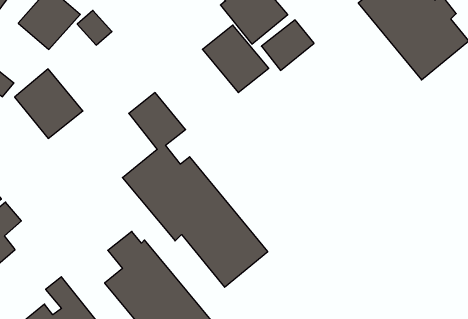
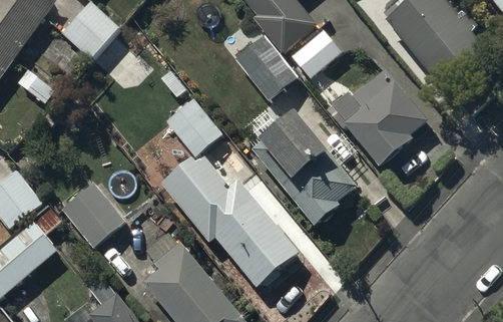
building: none -> [327,71,427,166]
building: [15,69,83,138] -> [60,182,125,248]
building: none -> [238,106,357,226]

